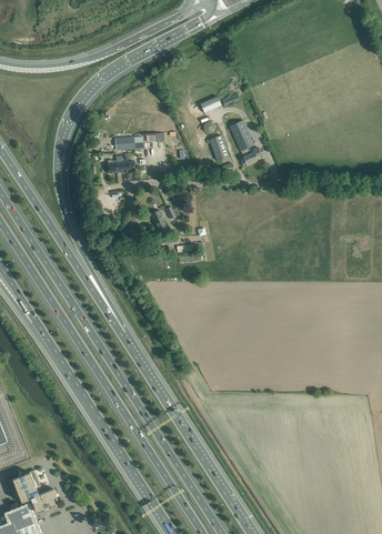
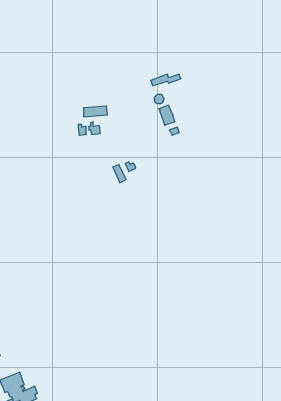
building: [229,120,261,167] -> none

